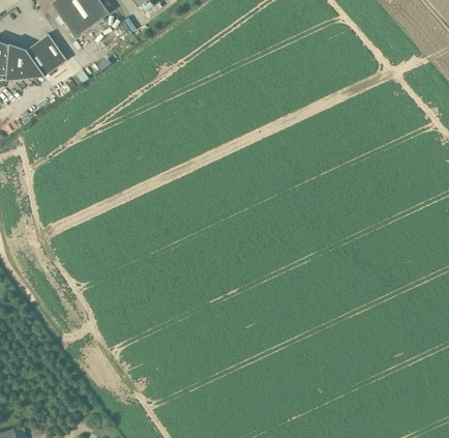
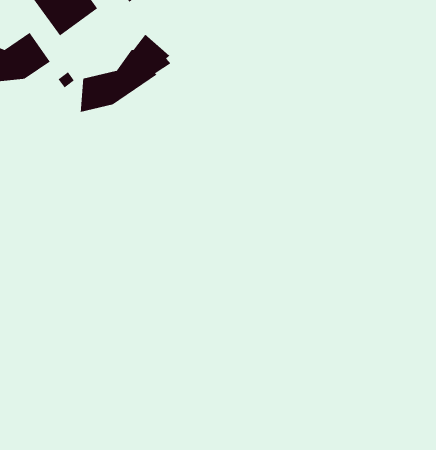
building: none -> [80,33,172,113]

